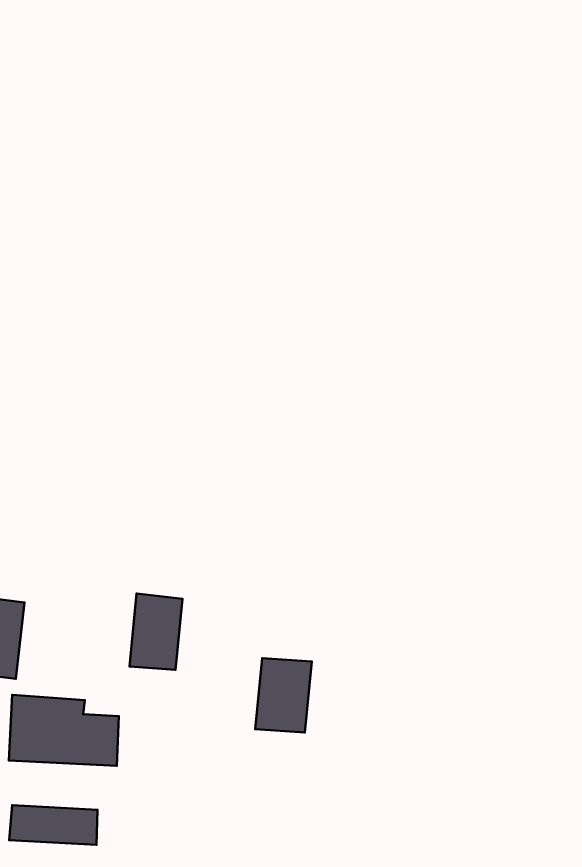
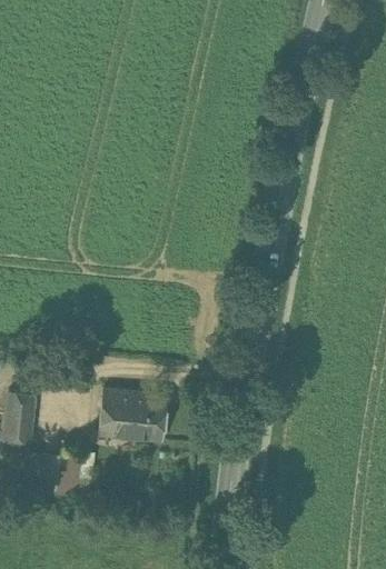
building: [255,658,312,733] -> [129,395,165,441]
building: [9,805,97,845] -> none

